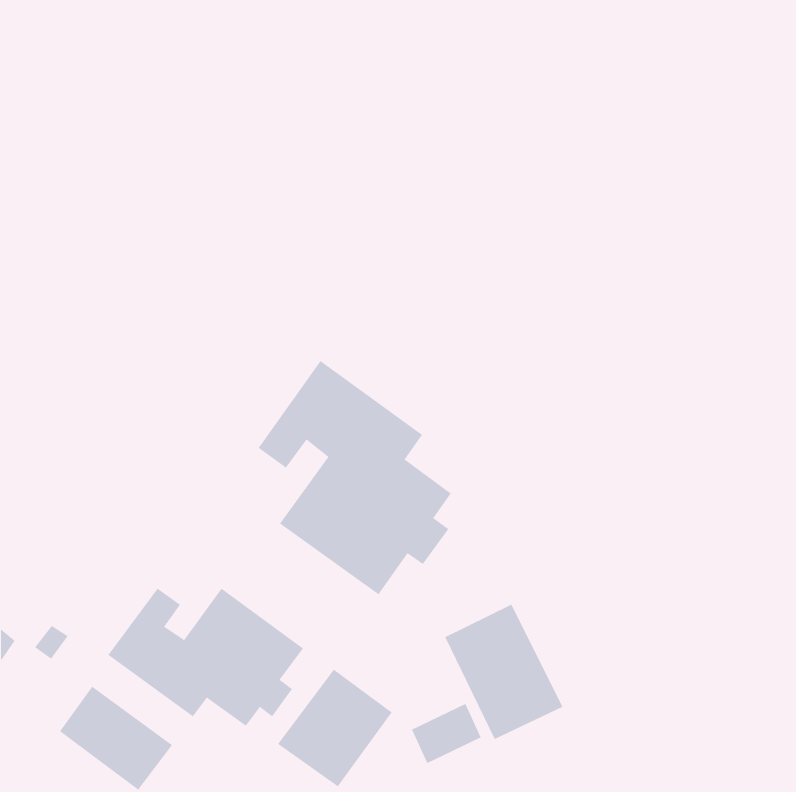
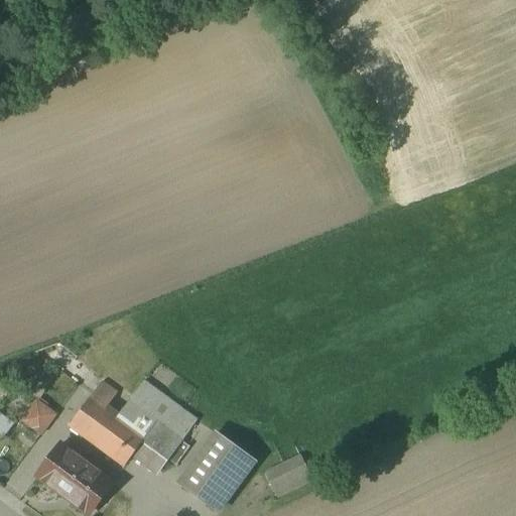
building: [258,360,452,595] -> none
building: [444,604,563,740] -> none

